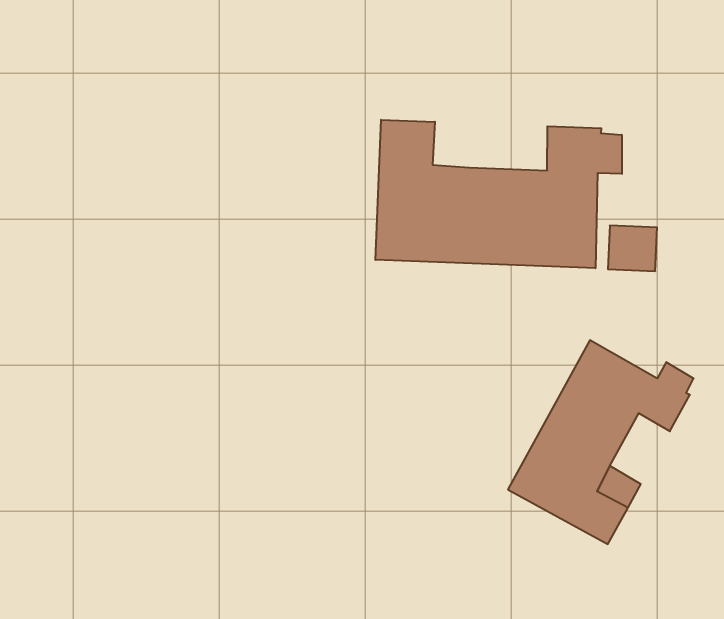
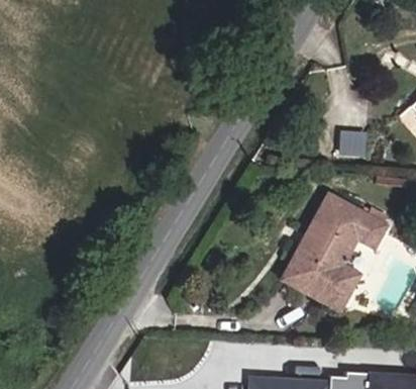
building: [375,120,622,268] -> none

